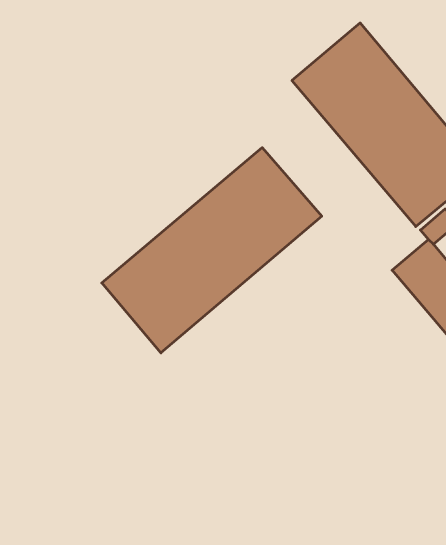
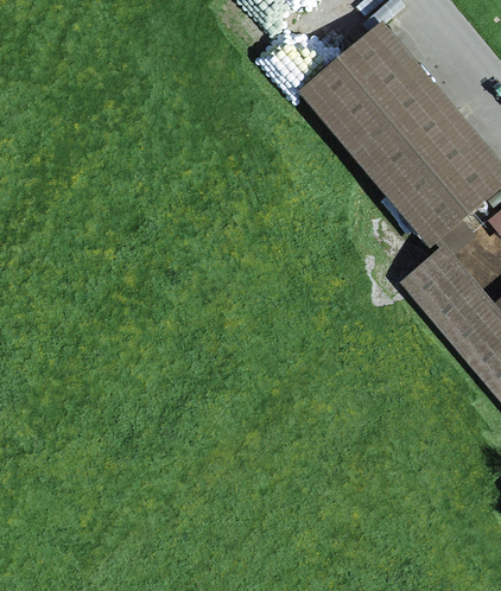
building: [102,148,322,353] -> none

